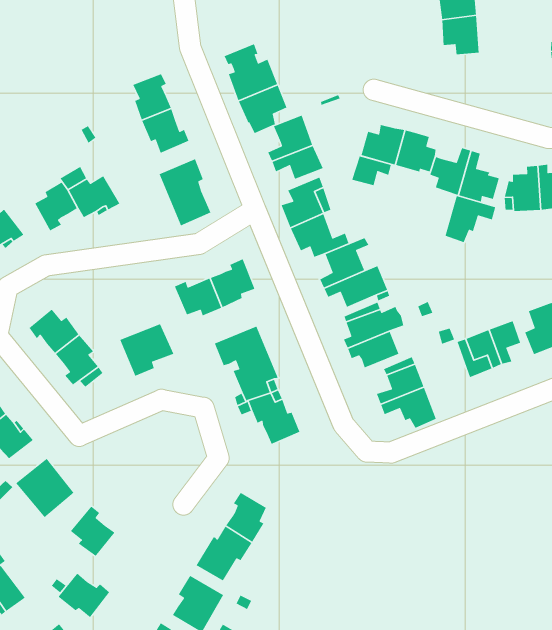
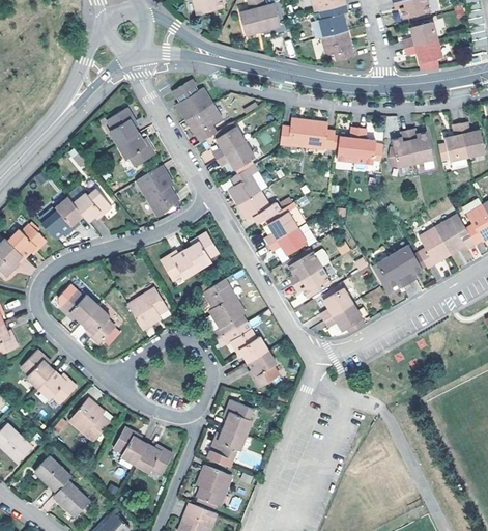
building: [351,155,392,186] -> none
building: [445,195,496,243] -> none
building: none -> [248,350,279,387]
building: [58,573,110,618] -> [135,443,172,474]

